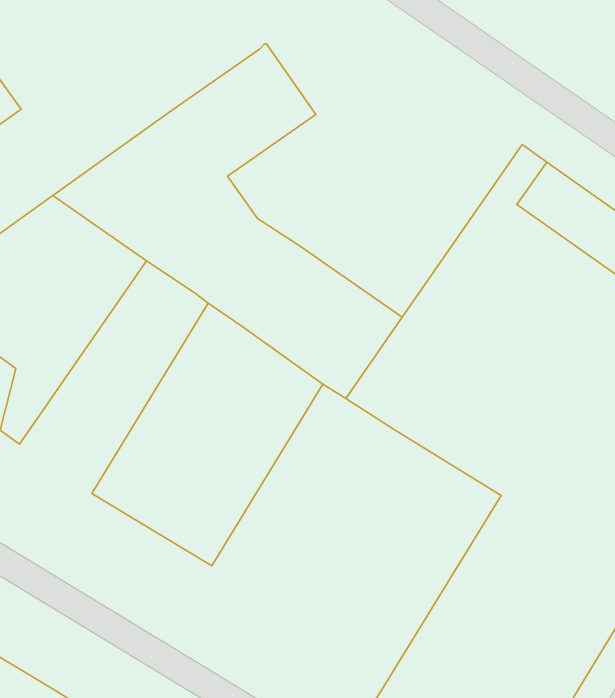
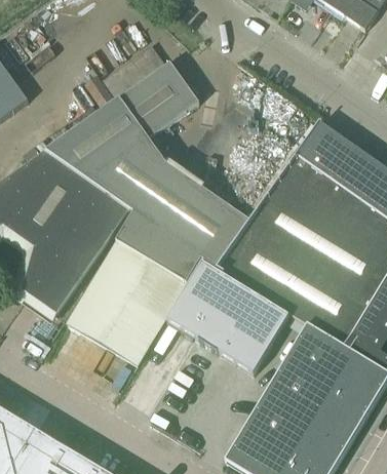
building: none -> [100,42,166,100]
building: none -> [27,187,128,312]
building: none -> [168,262,288,372]

